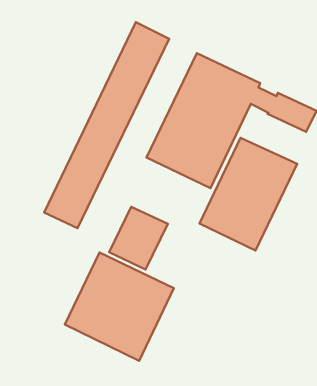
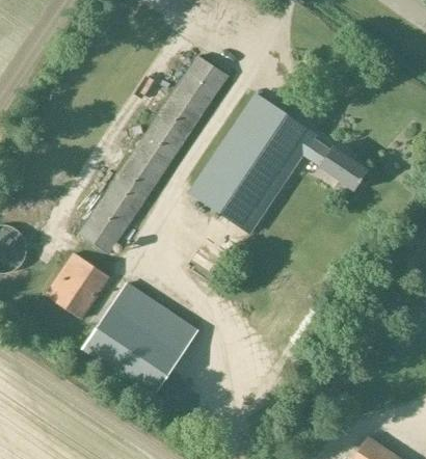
building: [200,138,297,250] -> none
building: [109,207,168,269] -> [46,252,109,318]

